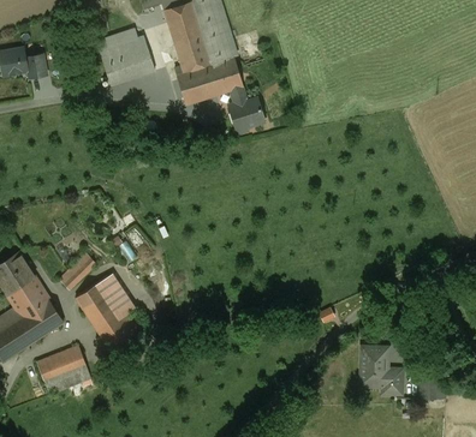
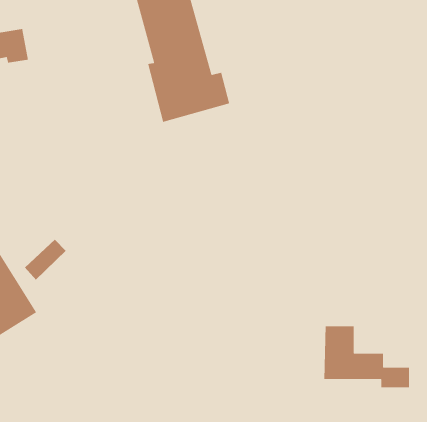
building: [94,25,154,85] -> none
building: [73,273,137,352] -> none
building: [32,343,90,395] -> none

